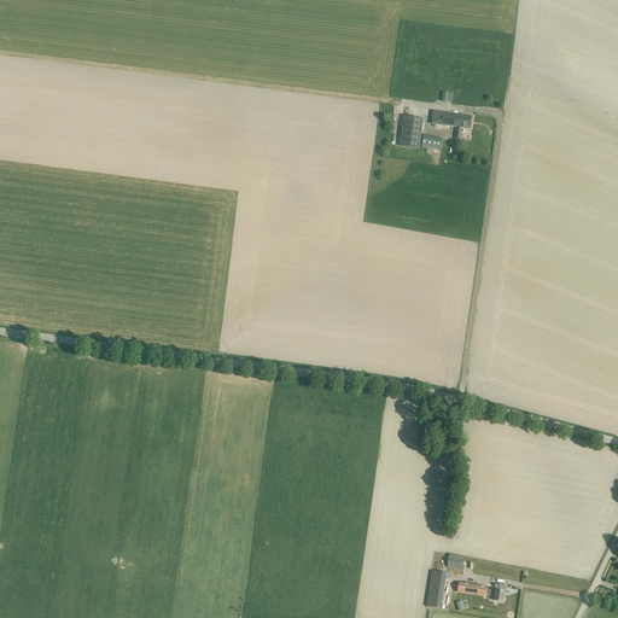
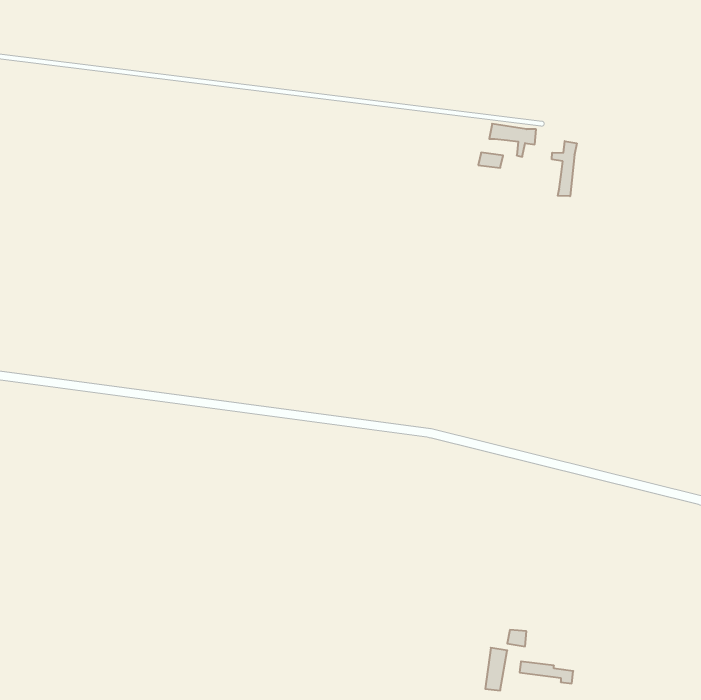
building: [400,113,422,146] -> none
building: none -> [552,141,577,196]

